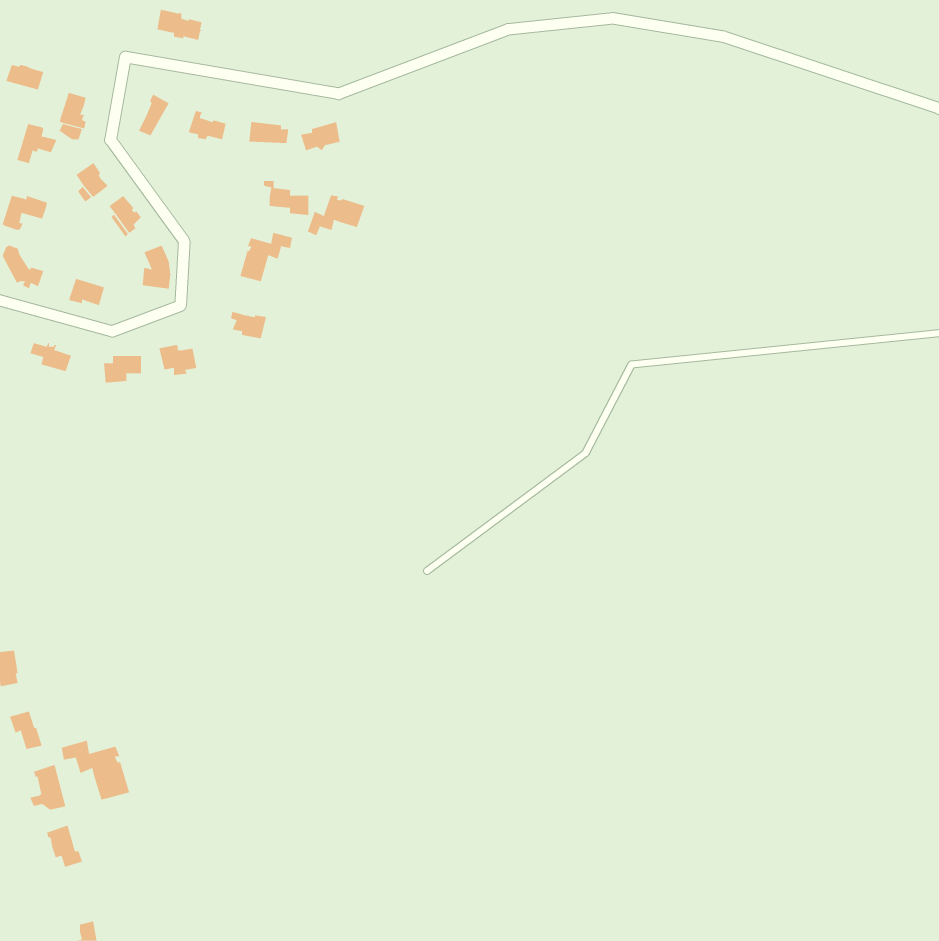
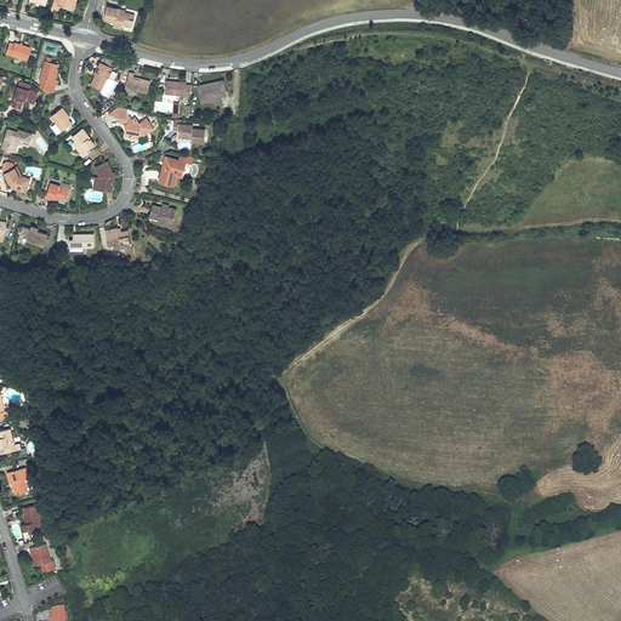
building: none -> [115,110,153,138]
building: [307,194,365,236] -> none
building: [61,740,130,800] -> none

